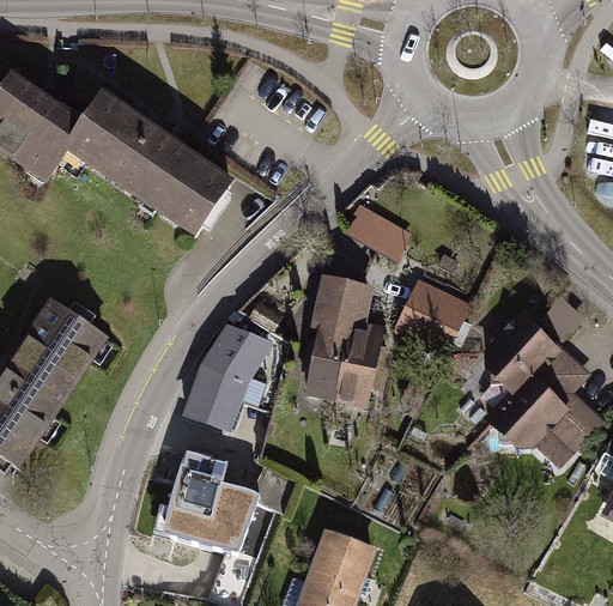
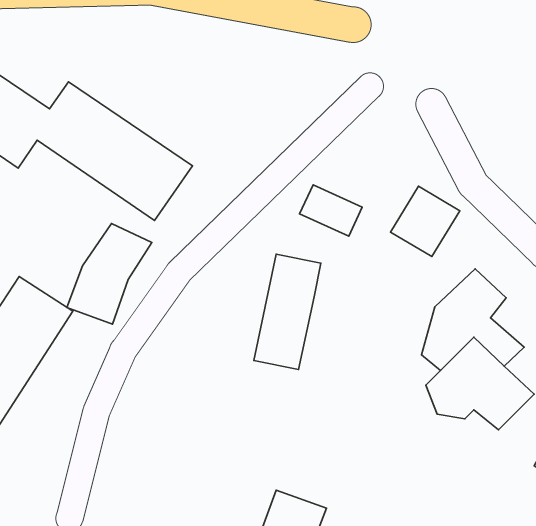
building: [402,272,477,347] -> [391,186,460,257]
building: [348,321,393,405] -> none
building: [181,323,272,431] -> [67,223,152,324]
building: [150,440,259,558] -> none

